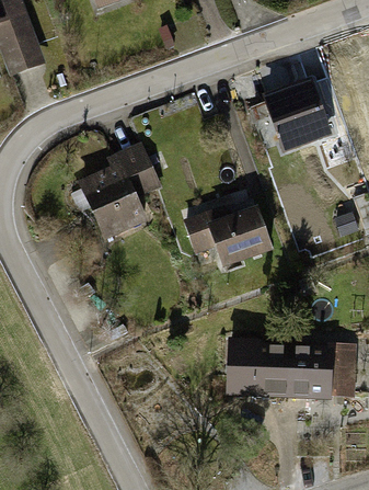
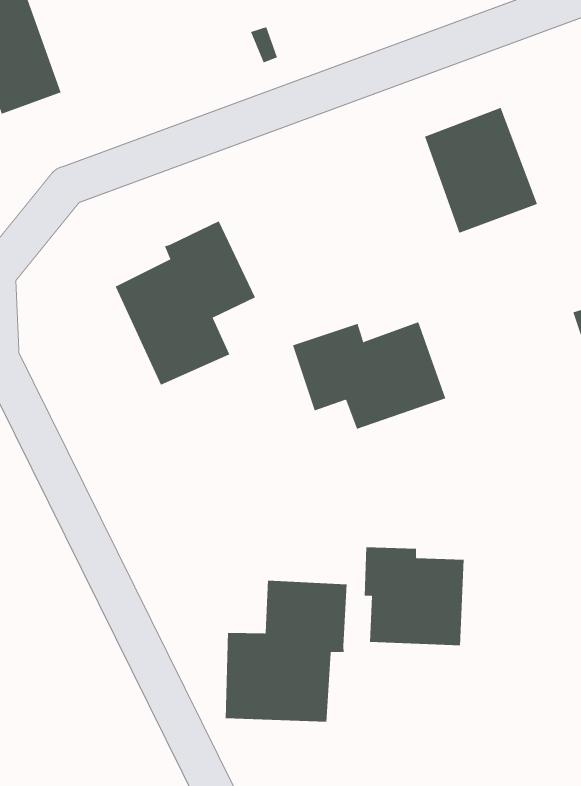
building: [285,341,350,396] -> none
building: none -> [225,580,347,722]

